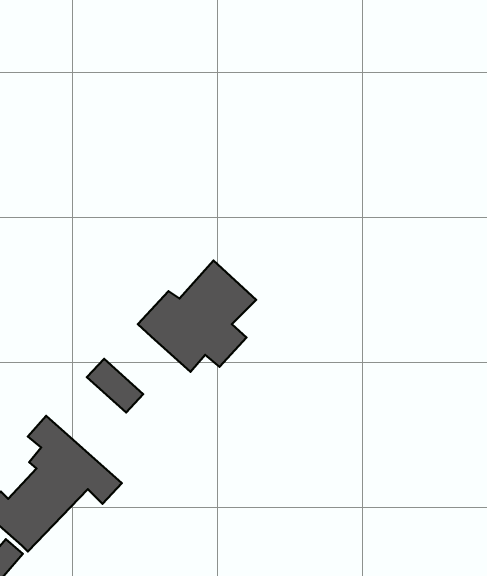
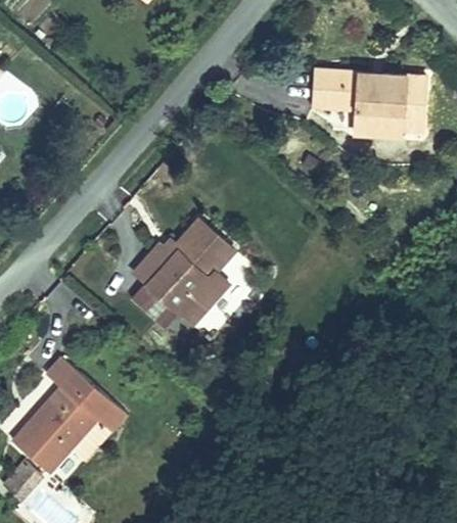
building: none -> [309,68,422,138]
building: [87,359,143,413] -> [135,289,182,334]

